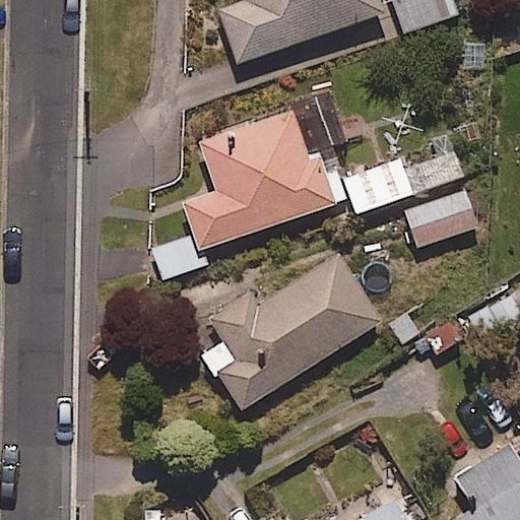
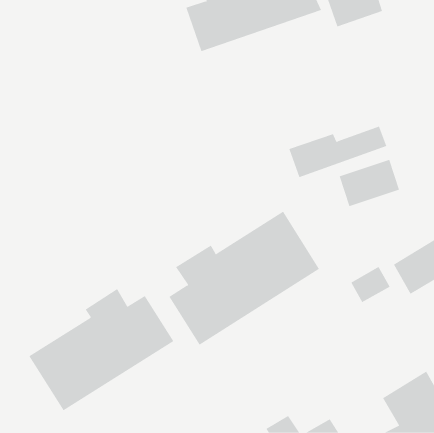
building: [152,109,336,283] -> none
building: none -> [29,288,174,411]

